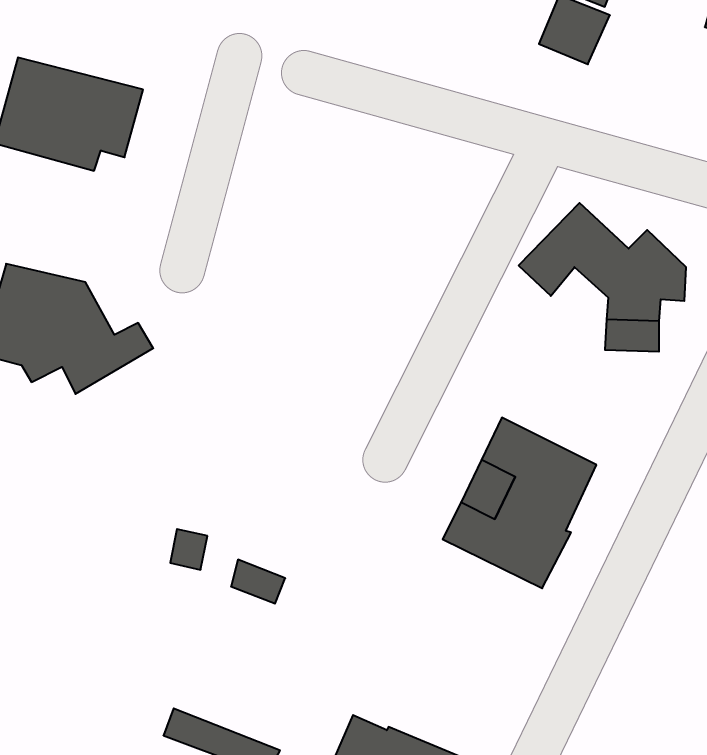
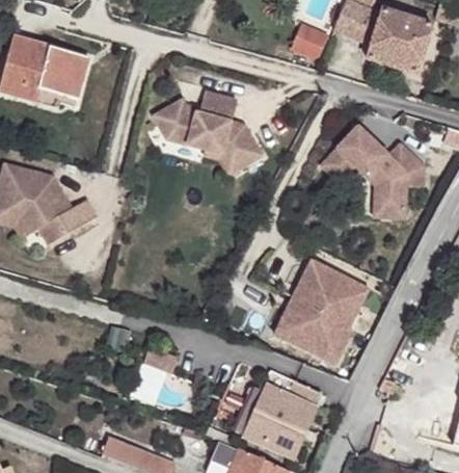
building: none -> [367,7,432,73]
building: none -> [291,21,329,59]
building: none -> [159,90,262,170]
building: none -> [237,372,319,453]

